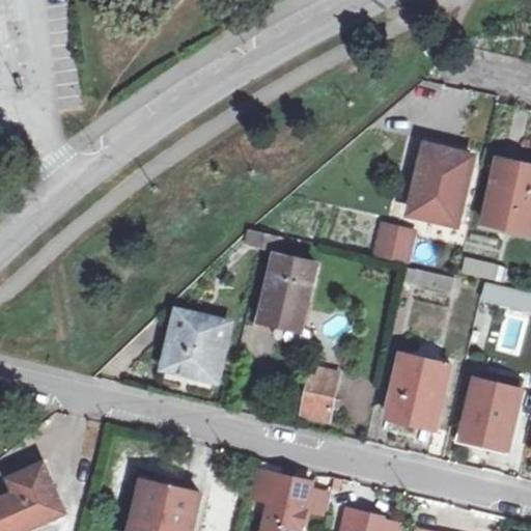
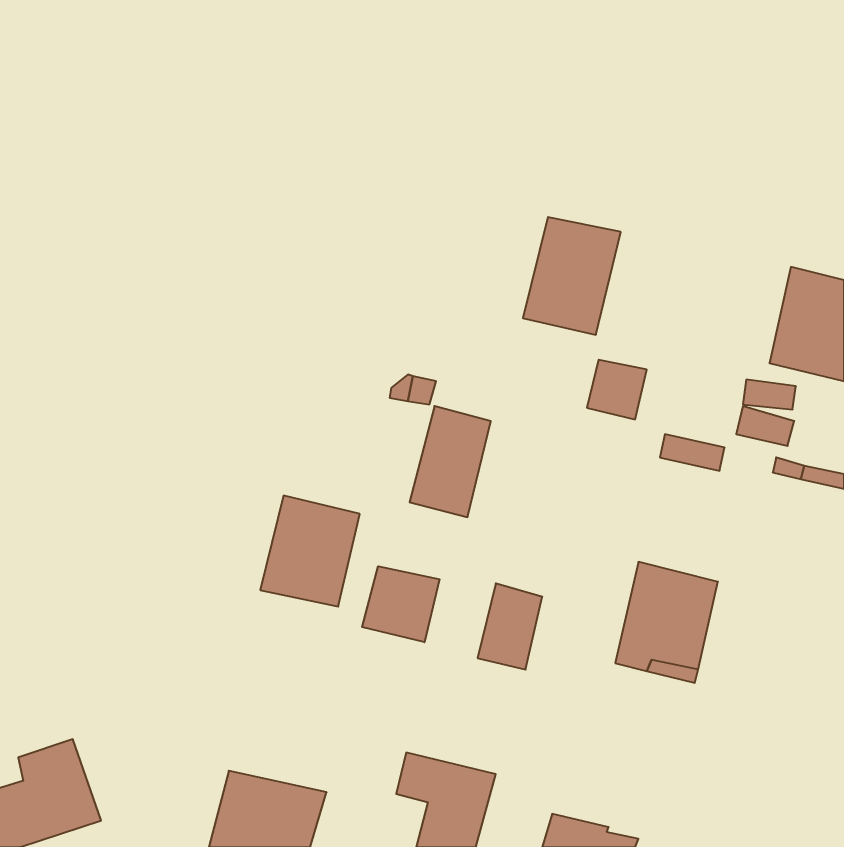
building: [411,147,472,221] -> [523,217,621,335]
building: none -> [362,566,440,642]
building: [460,380,520,446] -> none

